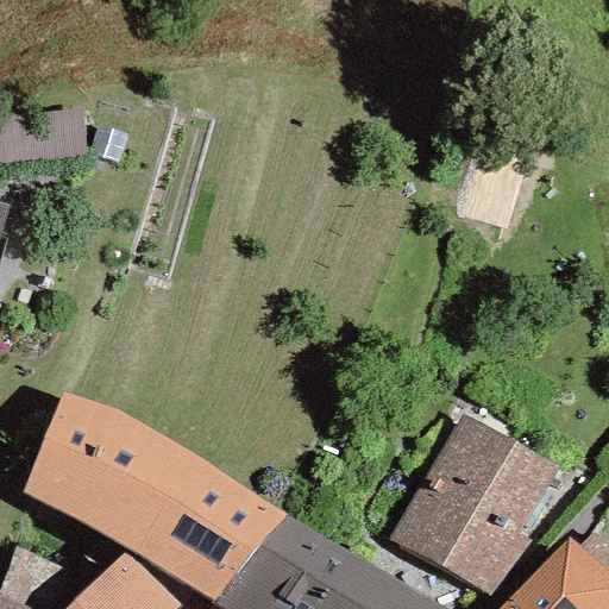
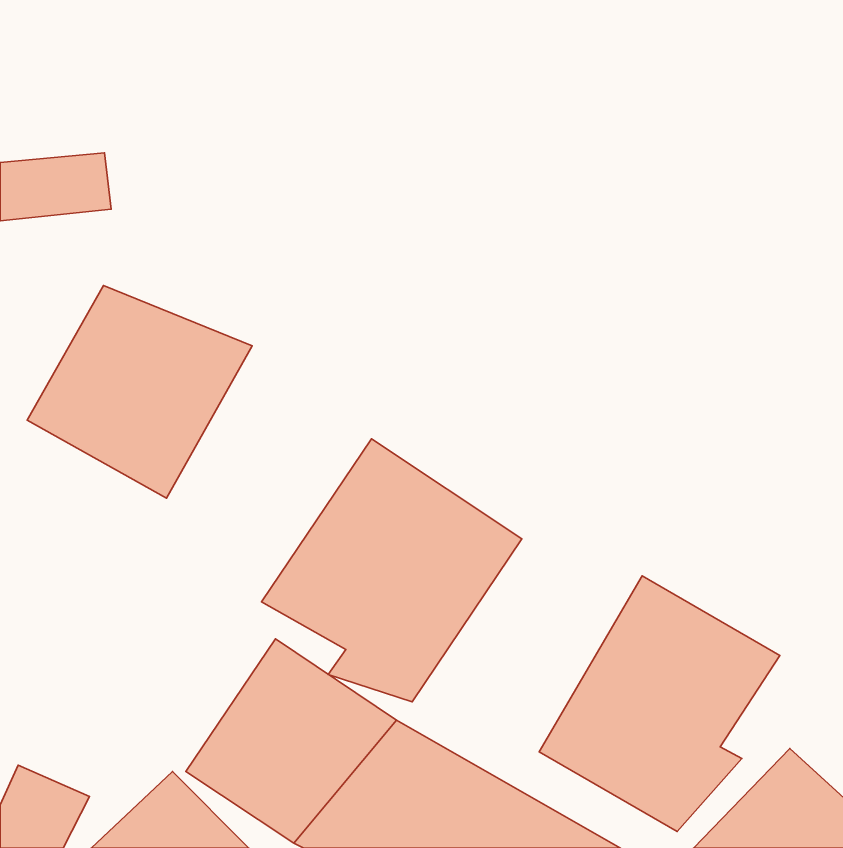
building: none -> [27,286,252,498]
building: none -> [261,439,522,702]
building: [24,394,201,553] -> none

